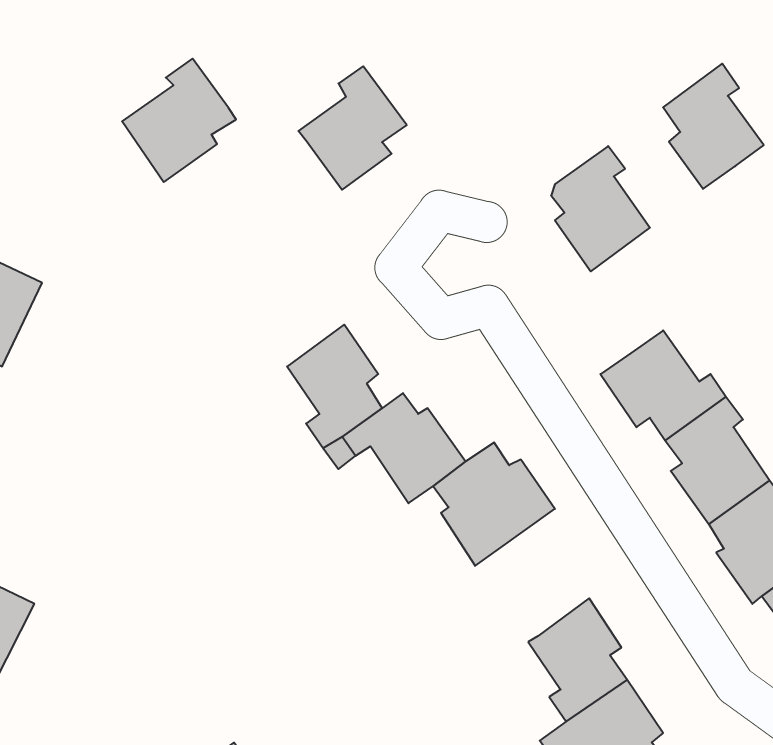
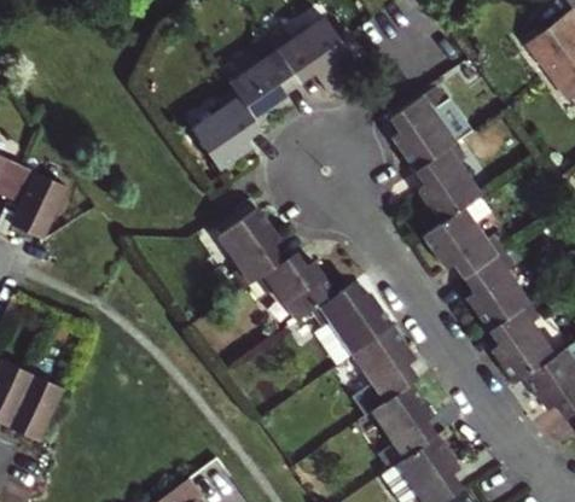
building: none -> [271,17,355,94]
building: [122,59,236,182] -> [190,92,262,170]
building: [663,64,764,189] -> [416,147,480,227]
building: none -> [355,326,420,407]

